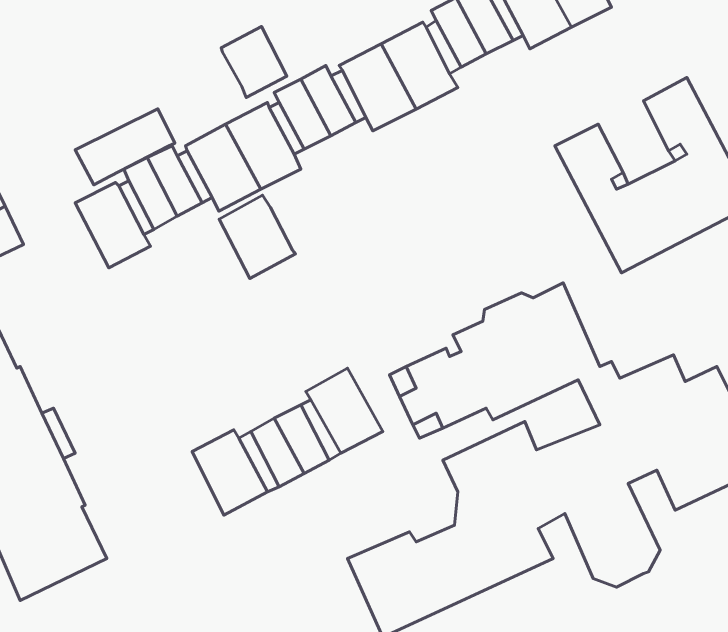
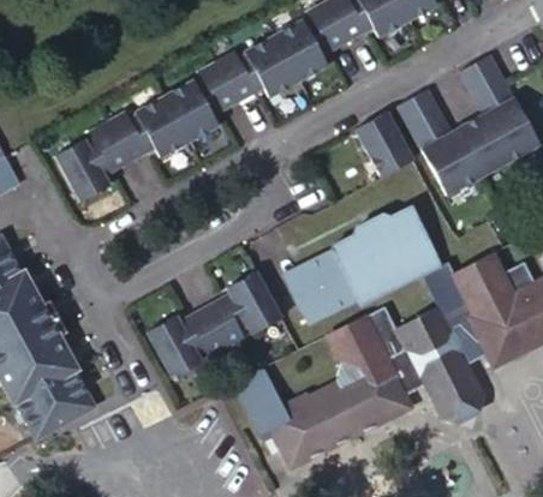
building: [221,26,287,98] -> none
building: [75,109,175,185] -> none
building: none -> [360,114,419,182]
building: [219,195,296,279] -> none

